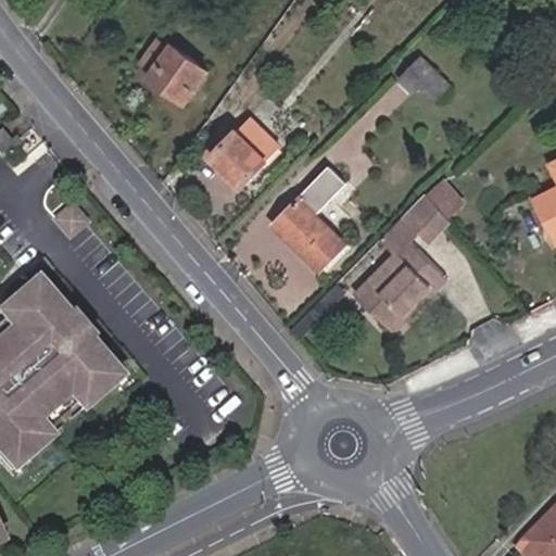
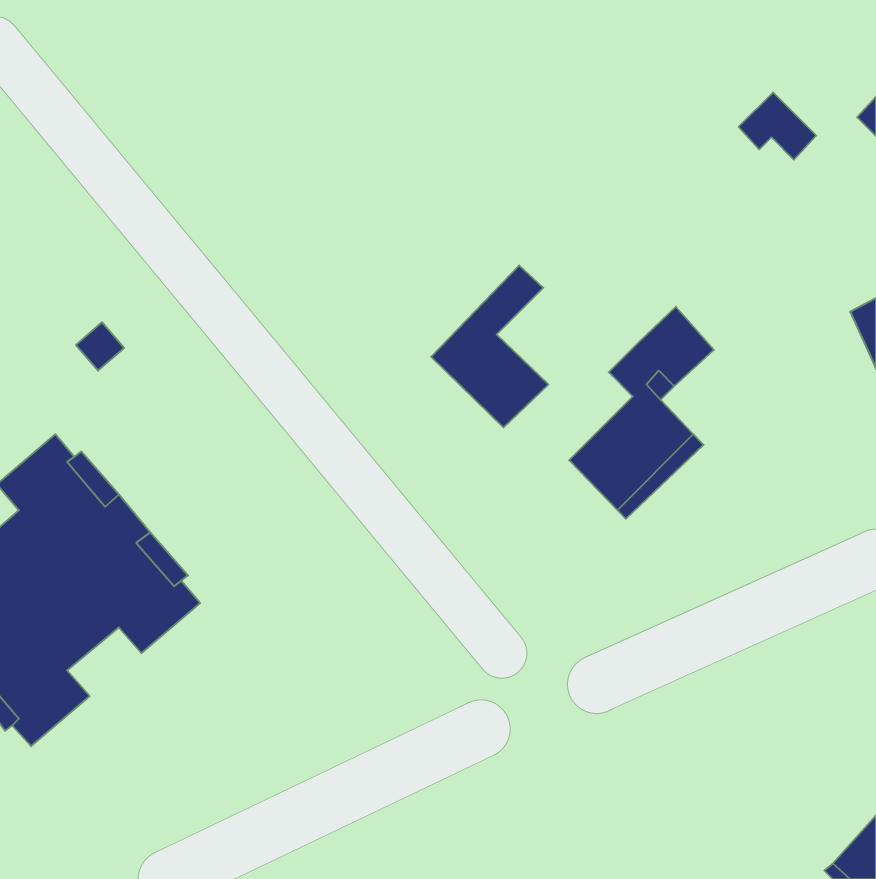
building: [138,38,207,101] -> none
building: [399,56,447,99] -> [739,92,816,160]
building: [208,115,280,188] -> none

